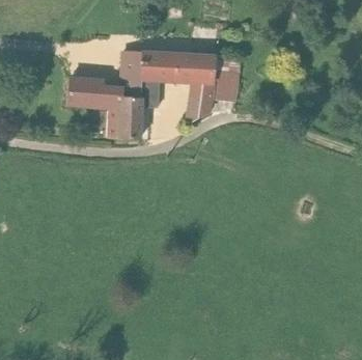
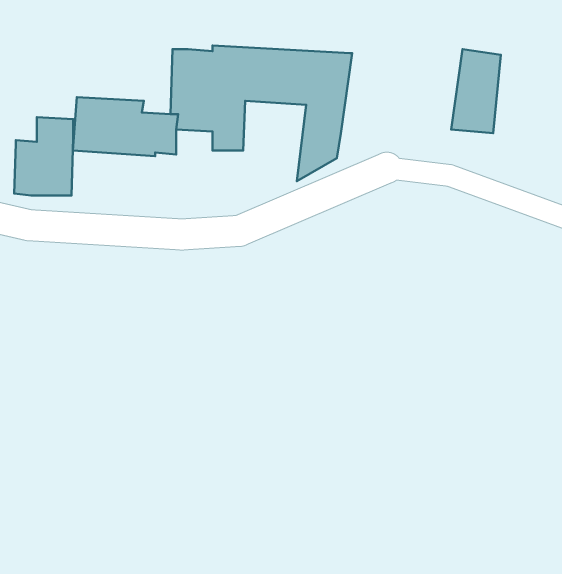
building: [211,54,238,100] -> [451,49,501,133]
building: [109,95,141,138] -> [14,117,73,196]

